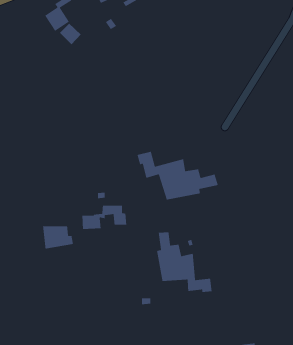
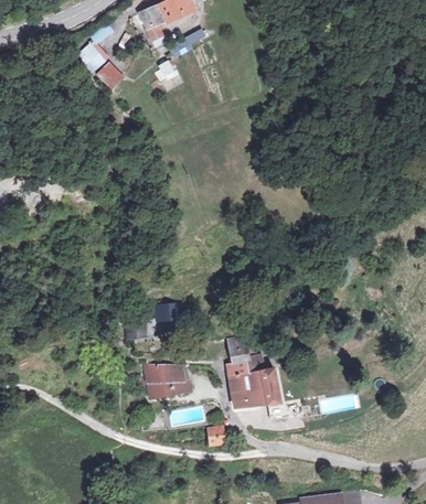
building: [136,151,219,200] -> none
building: [42,225,74,249] -> [146,366,188,398]

